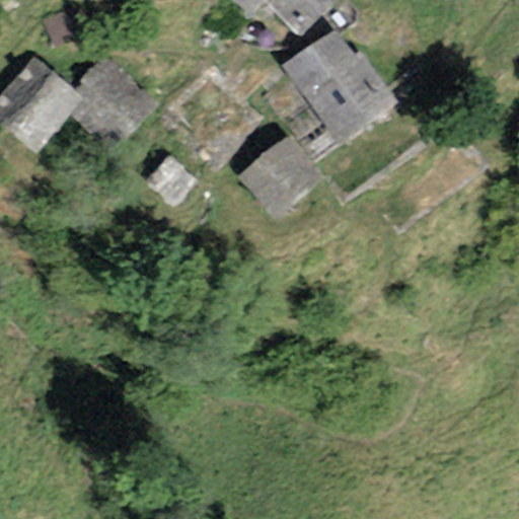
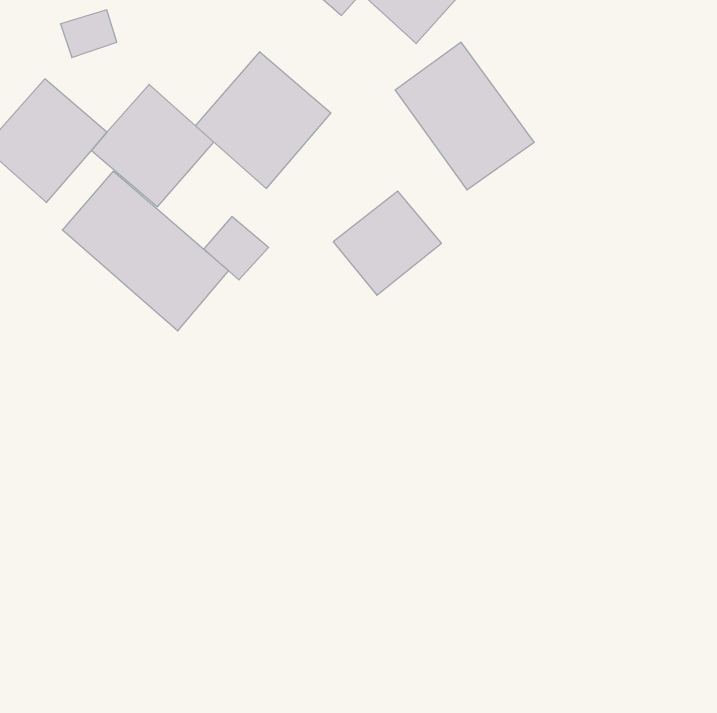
building: none -> [196,52,331,188]
building: none -> [62,171,228,331]

